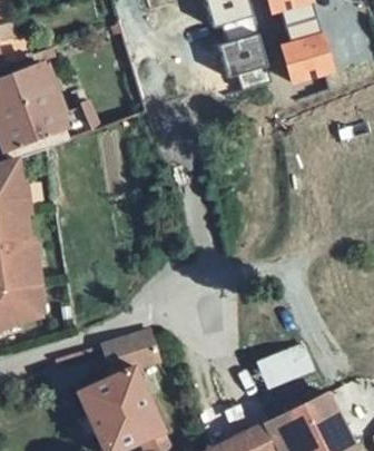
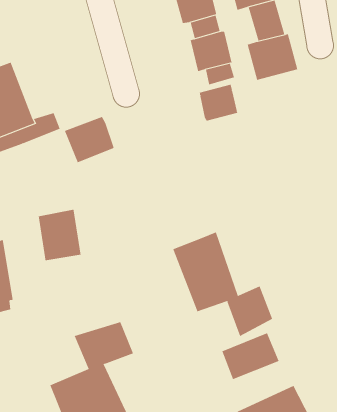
building: none -> [199,84,238,122]
building: none -> [64,116,115,163]
building: none -> [38,209,81,261]
building: none -> [172,232,273,337]

